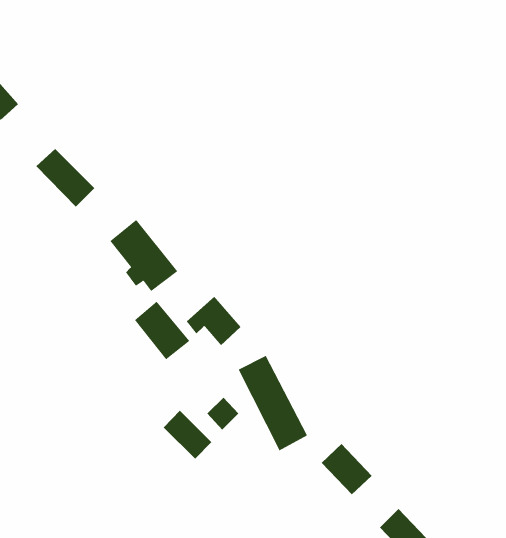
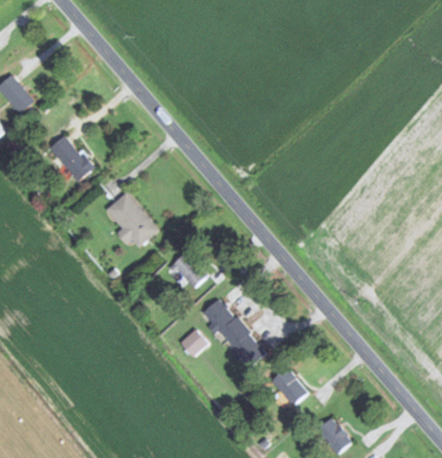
building: [134,301,190,360] -> none
building: [163,410,212,460] -> none

